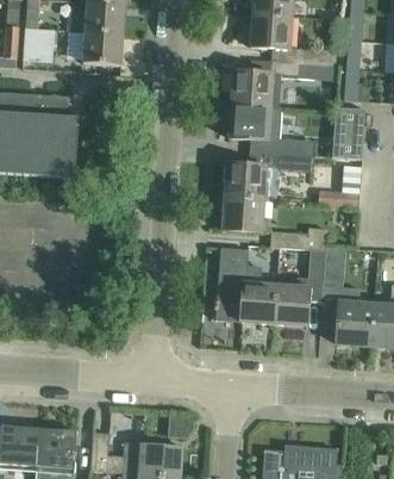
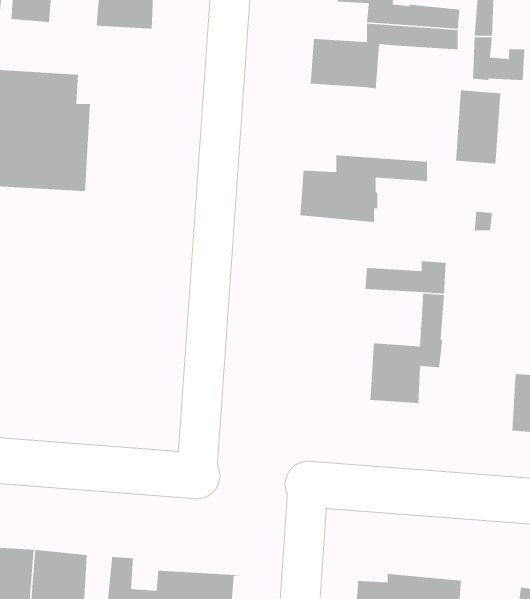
building: [229,102,314,156] -> none
building: [221,194,276,231] -> none
building: [215,247,275,323] -> none
building: [321,280,374,344] -> none

